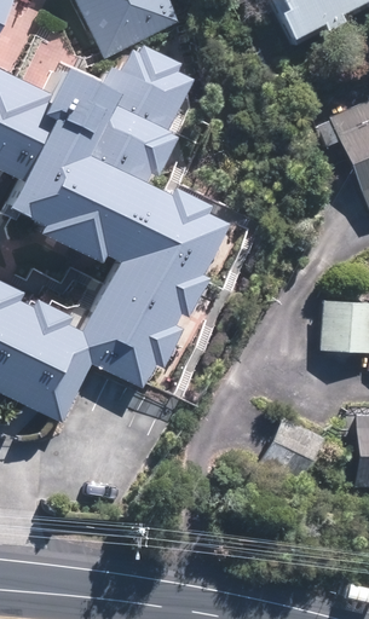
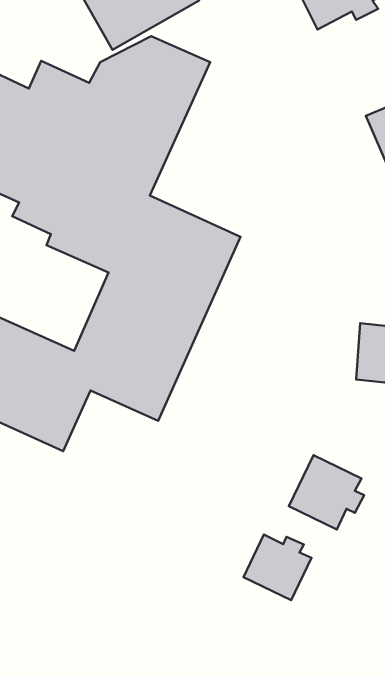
building: none -> [243,535,312,600]

